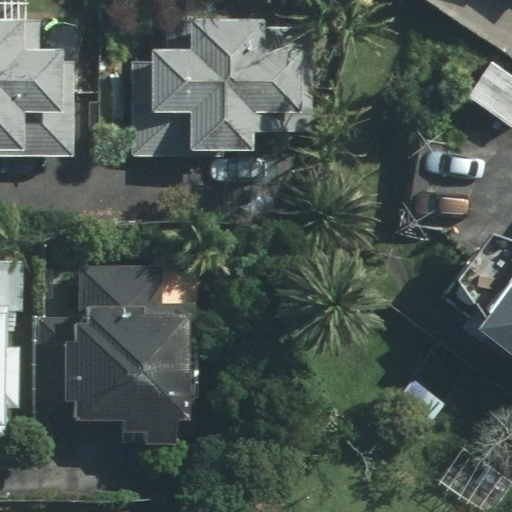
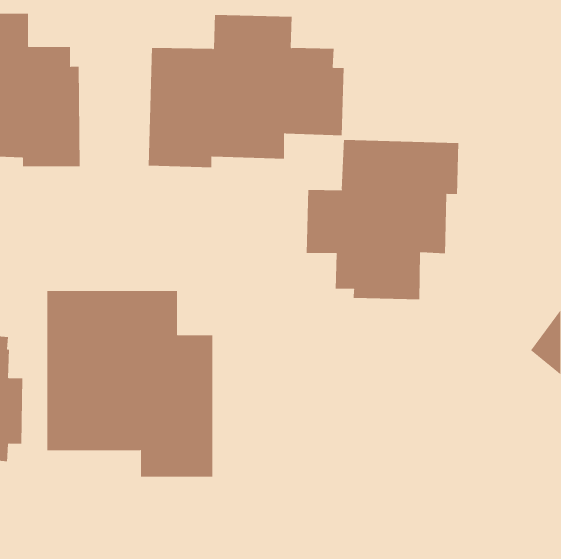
building: none -> [306,139,459,300]

